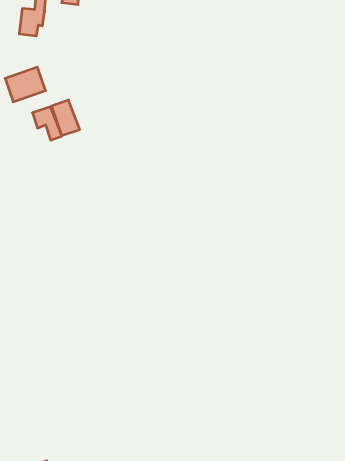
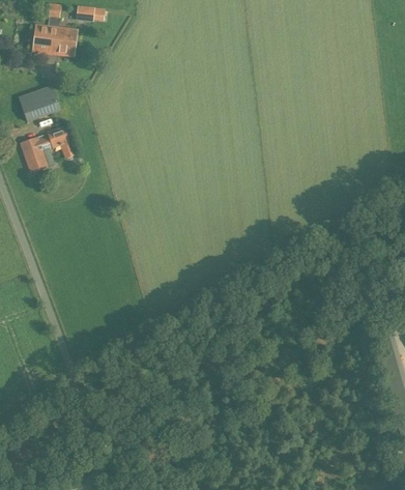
building: none -> [51,29,78,57]
building: [51,100,80,136] -> [21,137,50,173]

